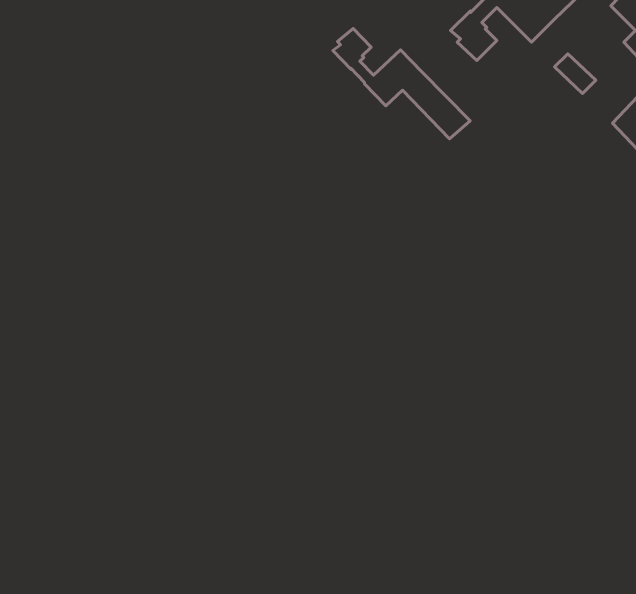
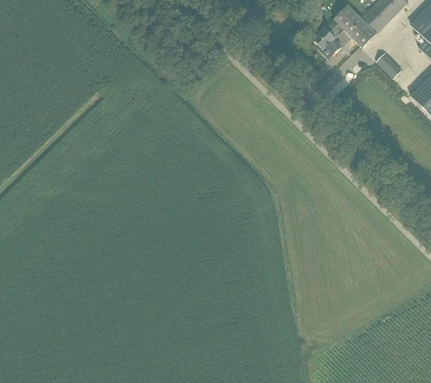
building: [333,28,470,139] -> none

